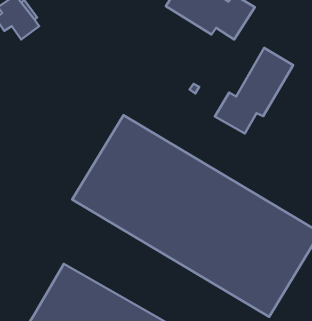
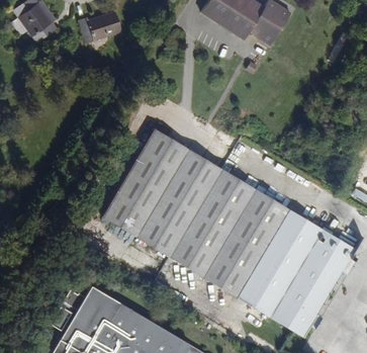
building: none -> [82,10,126,43]
building: [215,48,293,133] -> none

